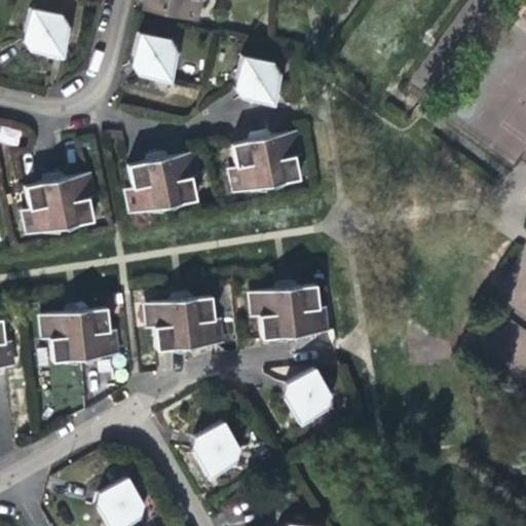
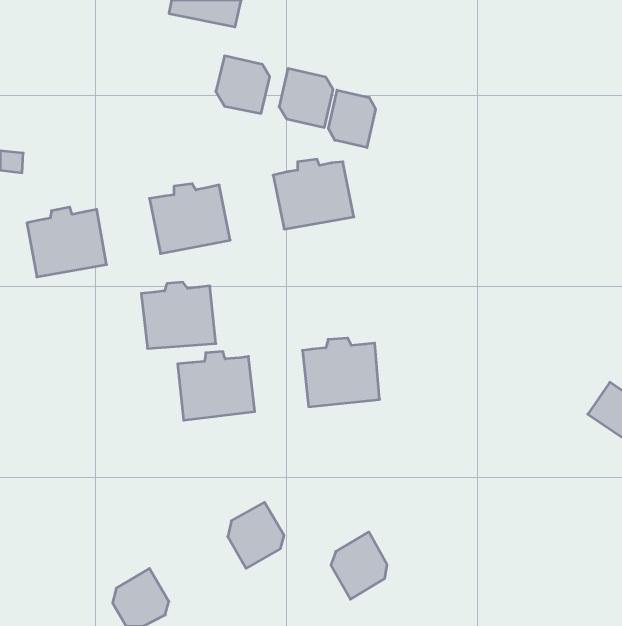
building: [26,10,71,59] -> none
building: [133,35,178,83] -> [216,56,270,113]
building: none -> [328,90,376,148]
building: [48,306,111,362] -> [141,282,216,348]
building: [280,370,328,426] -> [331,532,387,599]

